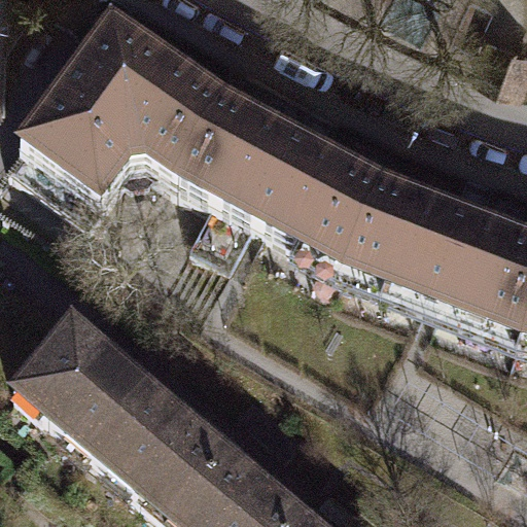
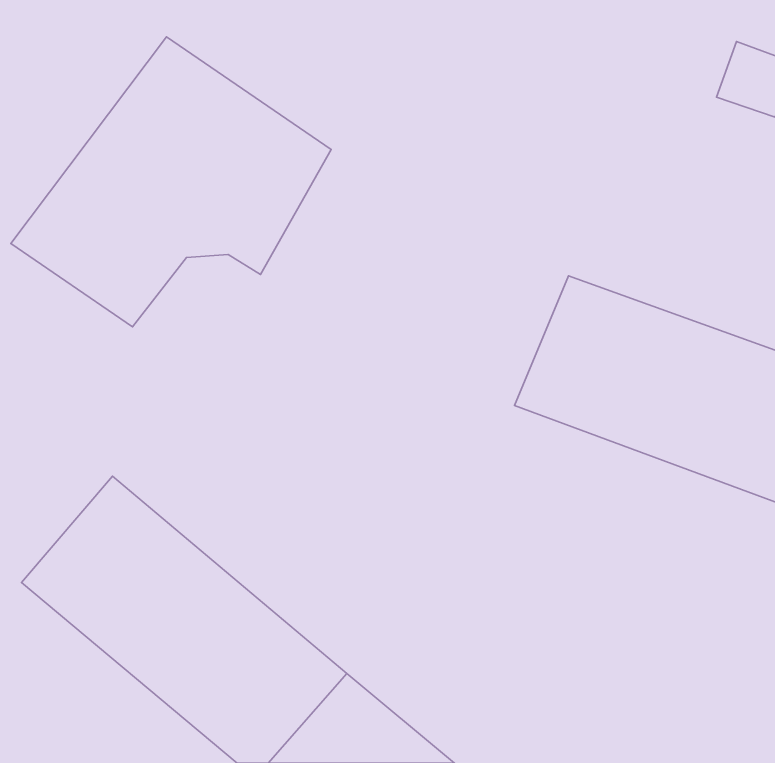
building: [182,100,388,271] -> none

